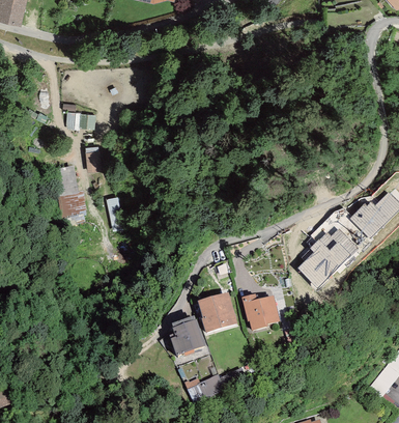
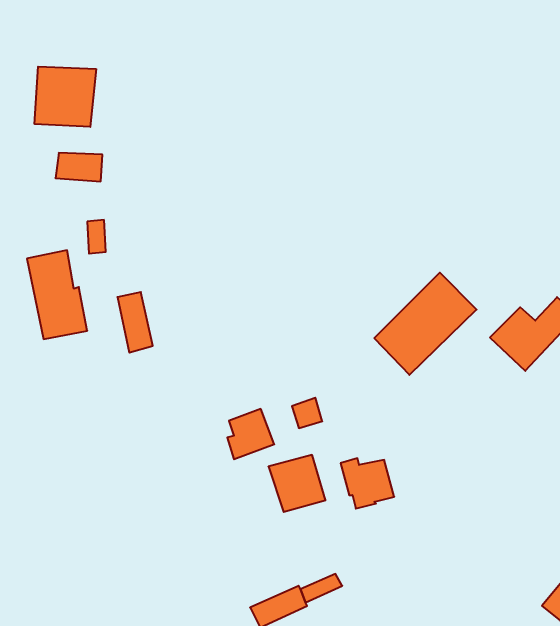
building: none -> [35,67,96,127]
building: [283,230,346,293] -> [374,273,477,375]
building: [173,323,202,355] -> [227,409,274,459]

